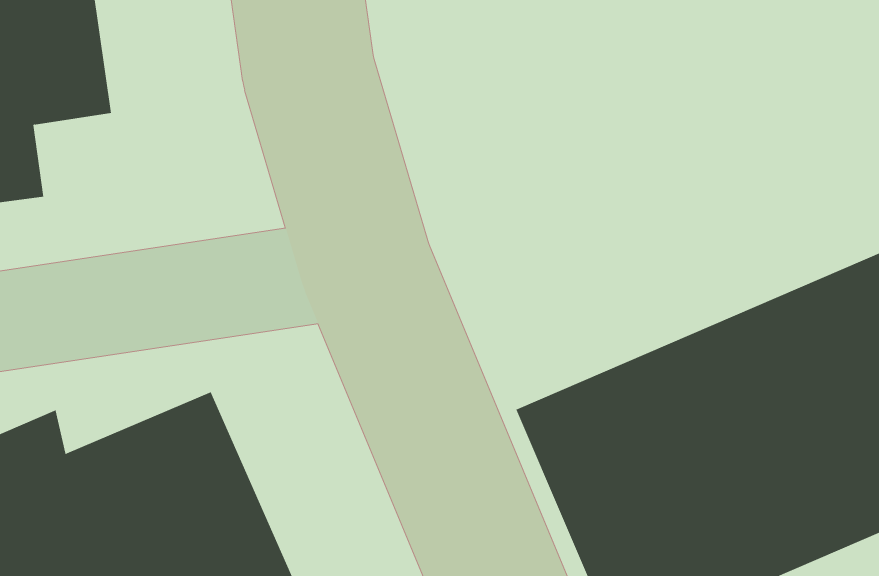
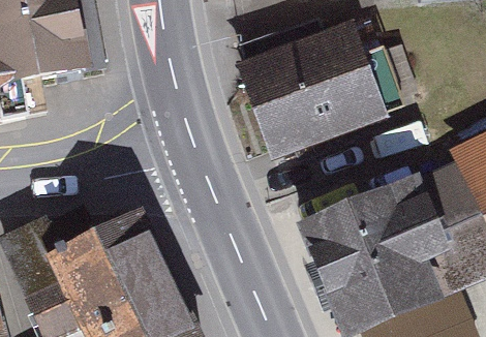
building: none -> [250,19,392,137]

